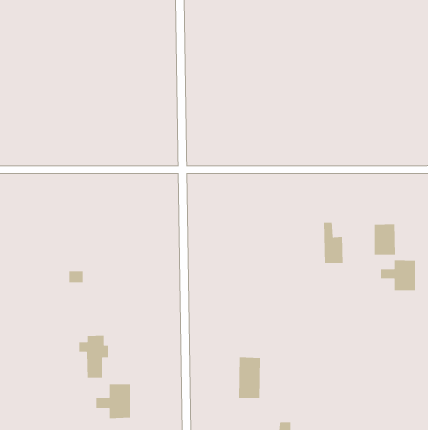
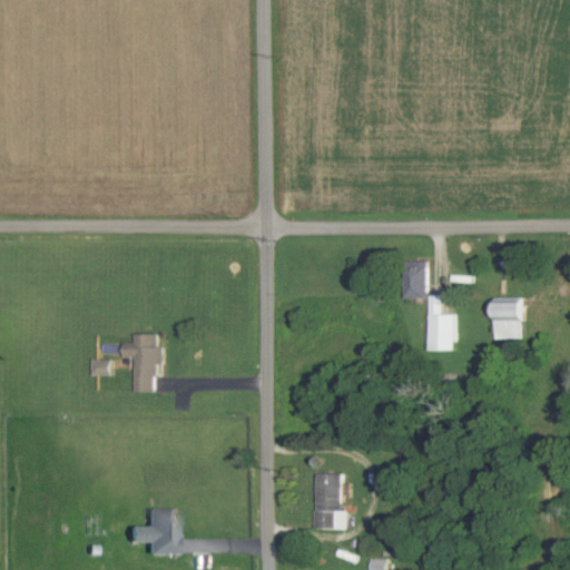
building: none -> [403,259,426,297]
building: [380,259,416,291] -> none
building: [78,335,109,379] -> [121,333,161,391]

